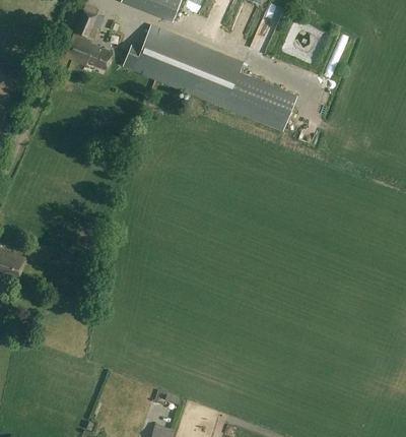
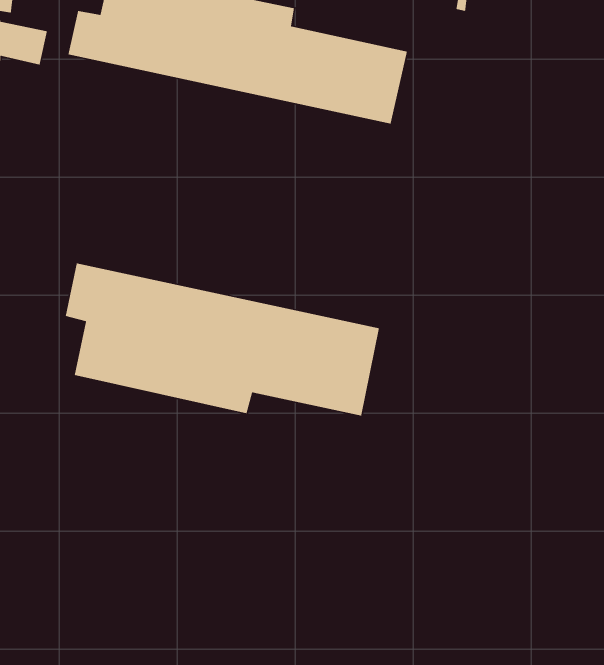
building: none -> [65,262,380,416]

